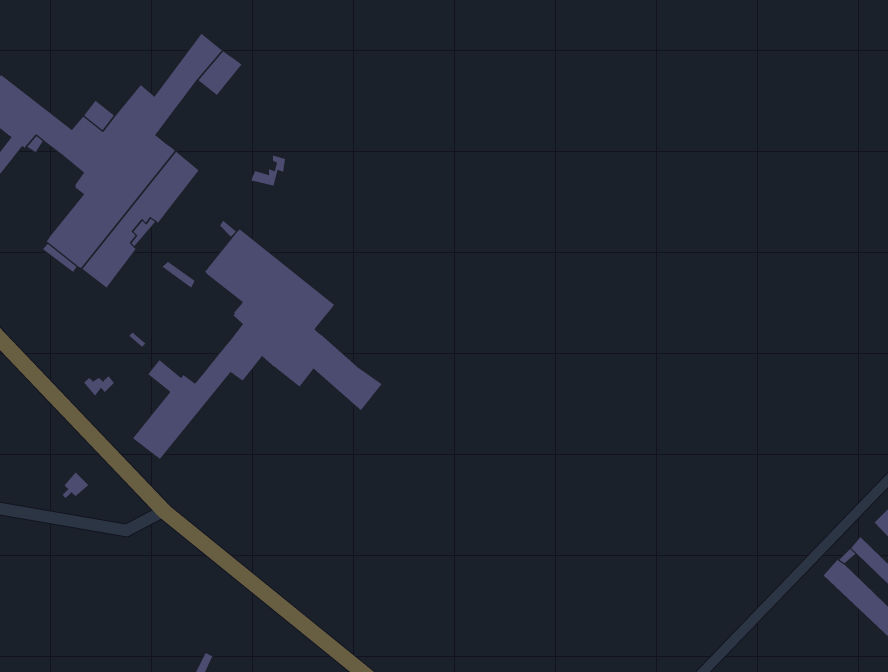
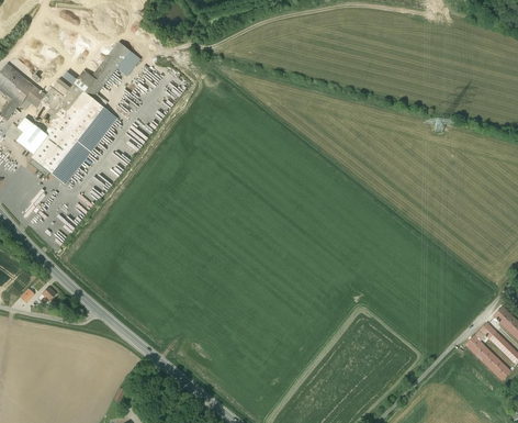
building: none -> [16,118,53,155]
building: [132,229,383,460] -> none

